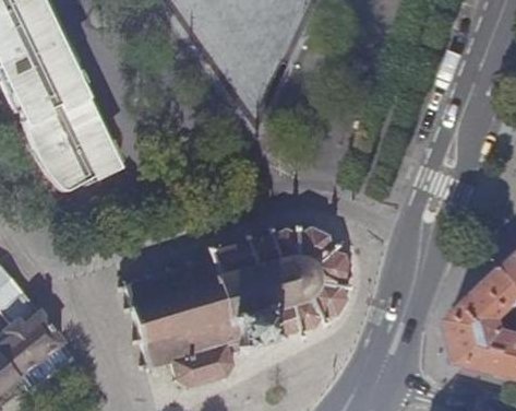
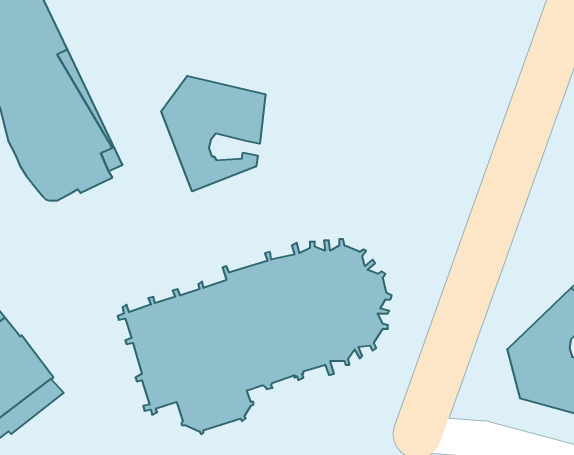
building: none -> [161,76,265,191]

